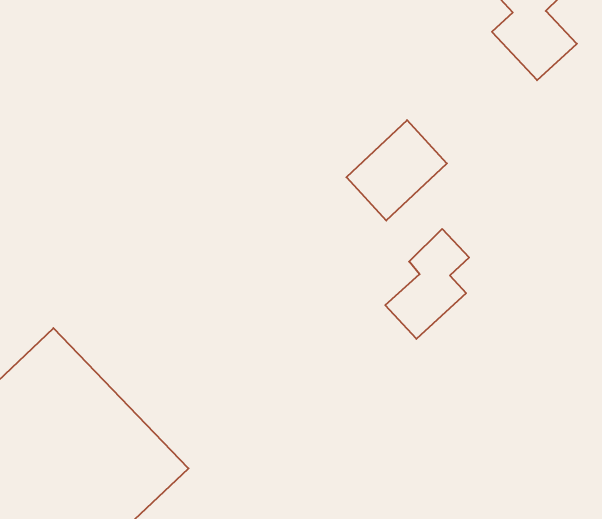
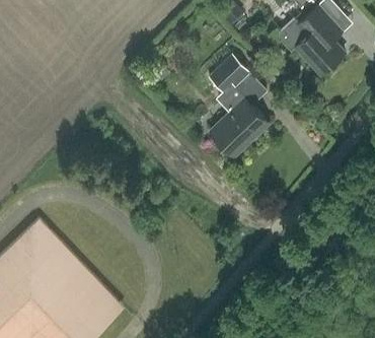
building: none -> [208,56,267,108]
building: [385,229,469,339] -> none

